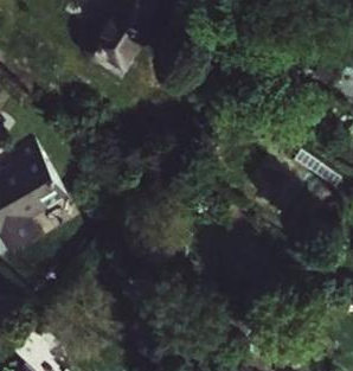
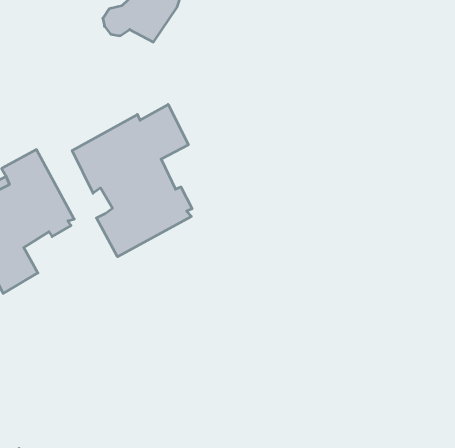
building: none -> [72,104,192,257]

